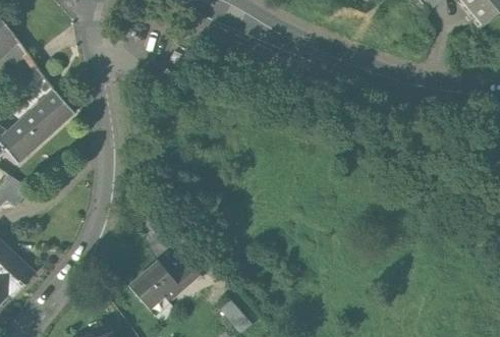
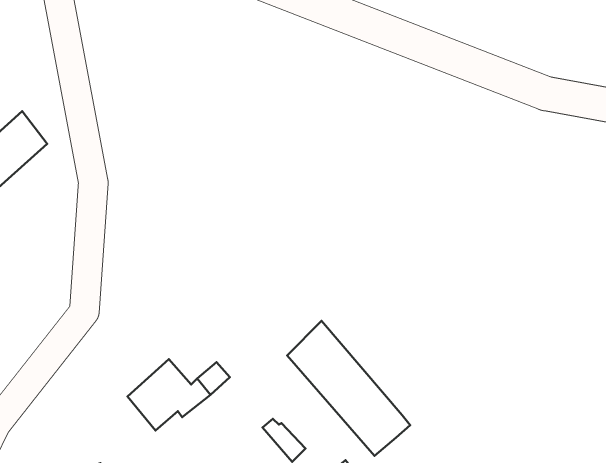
building: none -> [287,321,410,456]

